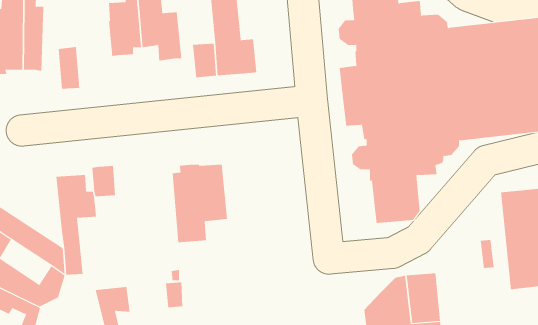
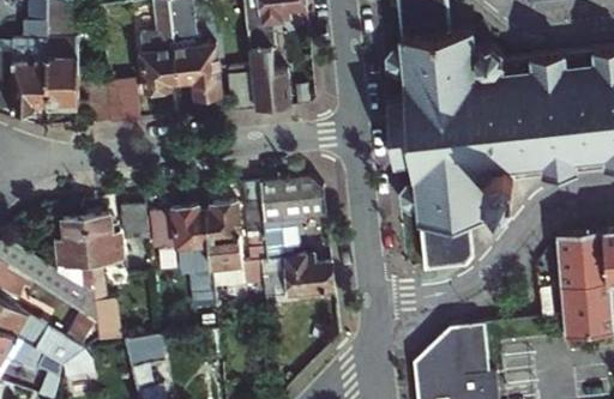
building: none -> [106,80,138,125]
building: none -> [259,181,333,296]
building: none -> [151,208,216,312]
building: none -> [53,219,89,279]

